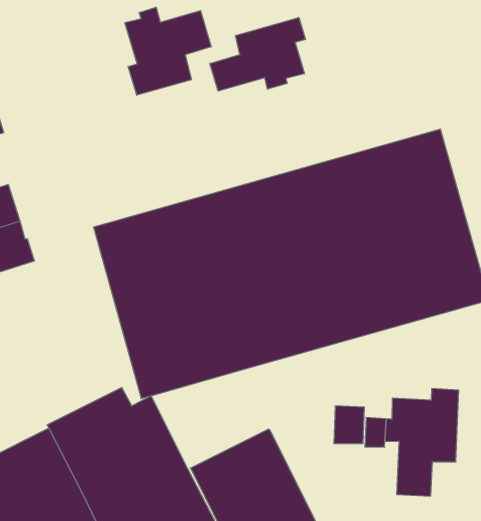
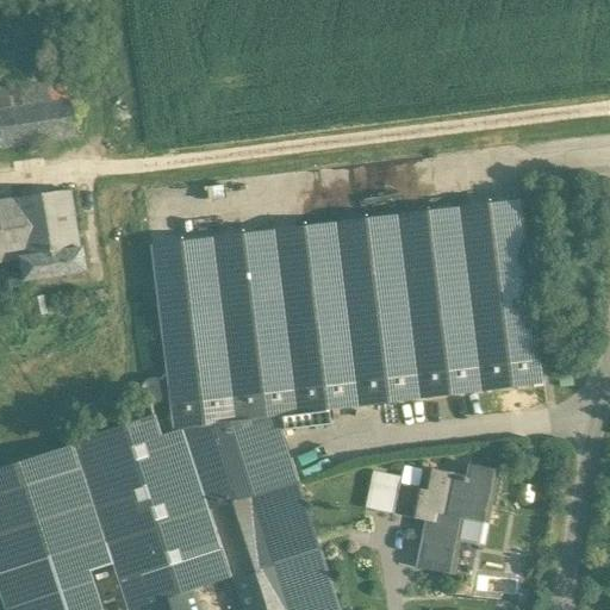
building: [125,7,211,95] -> none
building: [210,17,306,91] -> none
building: none -> [181,416,297,509]

